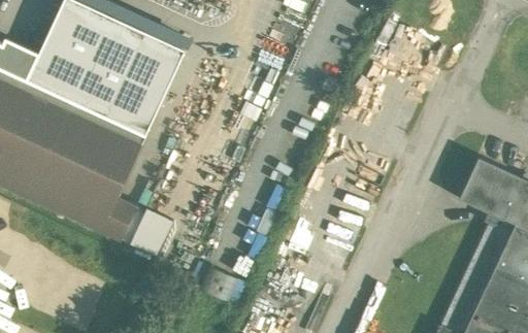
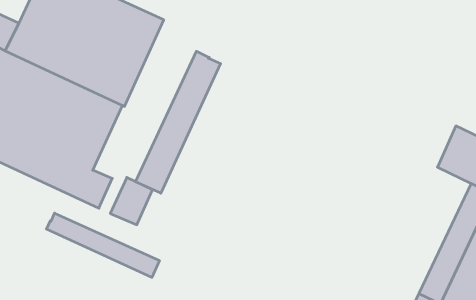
building: none -> [136,51,221,193]
building: none -> [46,213,159,277]

